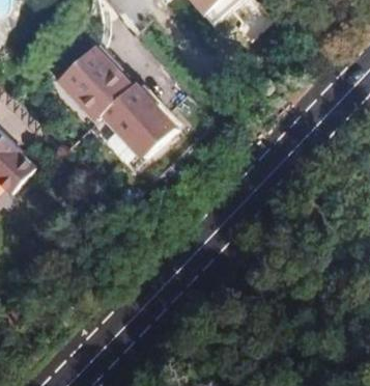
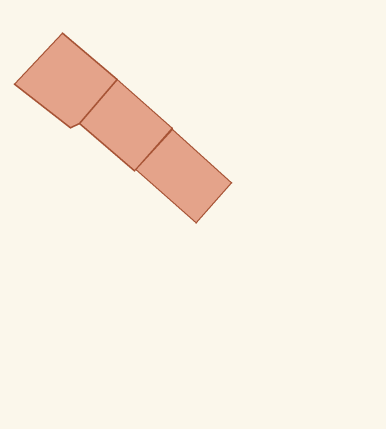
building: none -> [136,129,232,223]

